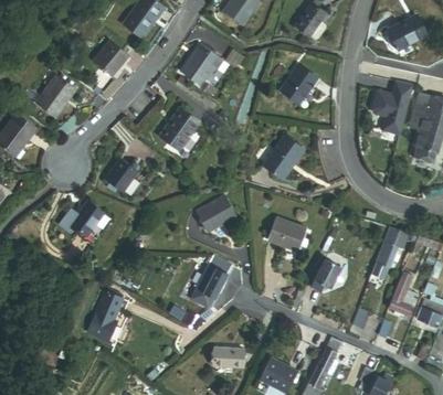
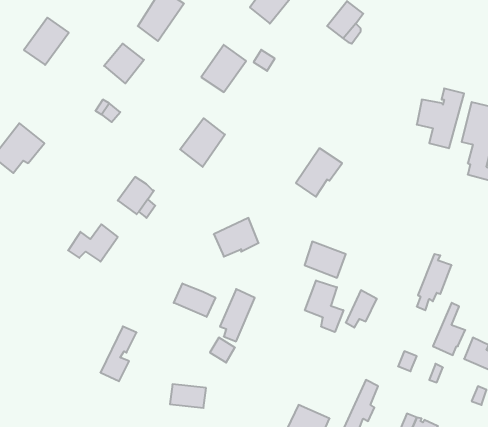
building: [389,18,426,52] -> none
building: [279,63,316,102] -> none
building: [39,77,78,119] -> [24,18,69,65]
building: none -> [305,280,343,332]
building: none -> [174,283,215,317]
building: [209,349,241,370] -> [170,384,206,408]

